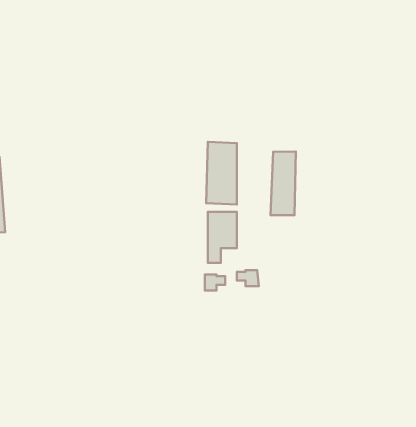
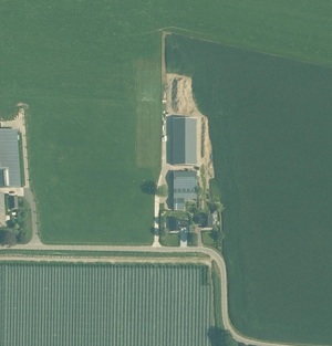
building: [271,151,296,215] -> none

